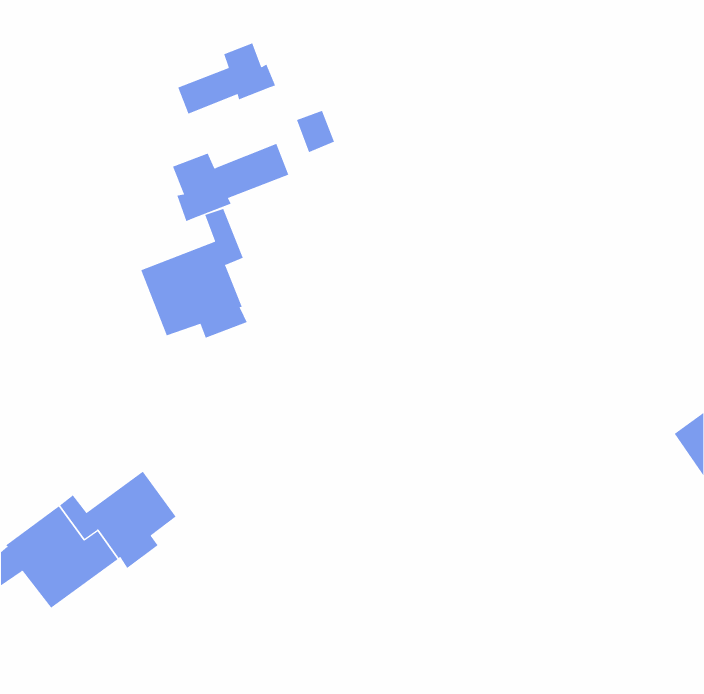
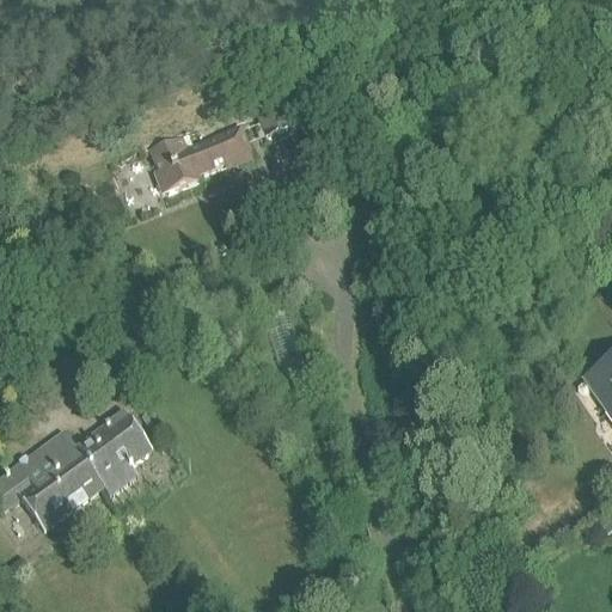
building: [177,42,276,114] -> none
building: [140,208,247,339] -> none

